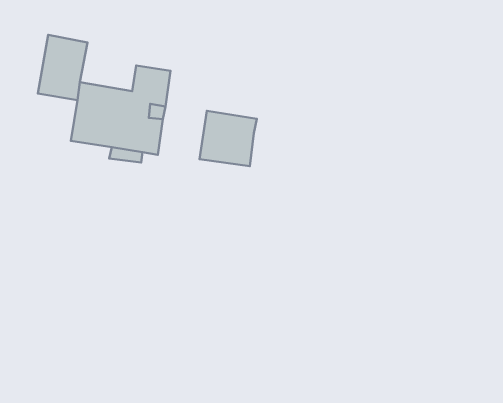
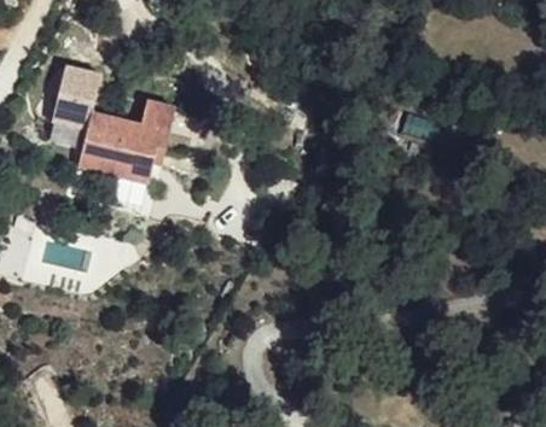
building: [200,111,257,166] -> none

